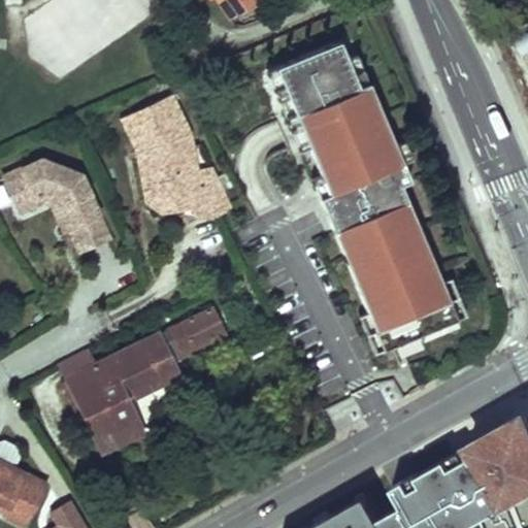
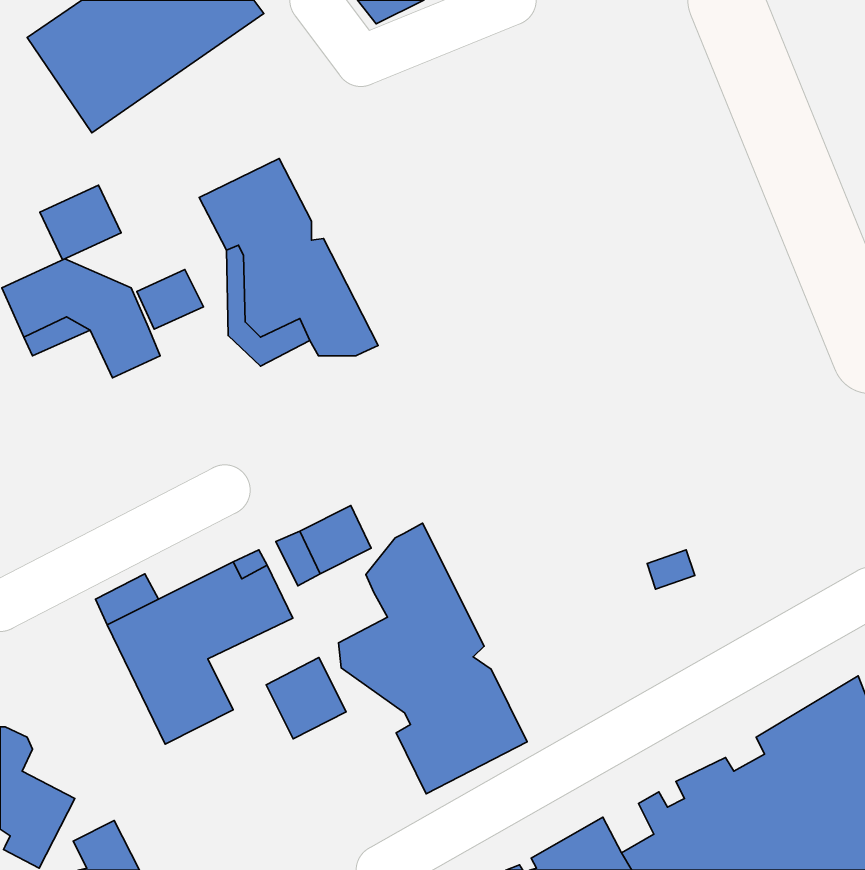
building: [280,45,450,338] -> none
building: none -> [40,185,121,260]
building: [71,216,111,252] -> [137,269,203,329]
building: none -> [338,523,527,794]
building: none -> [266,658,346,739]

